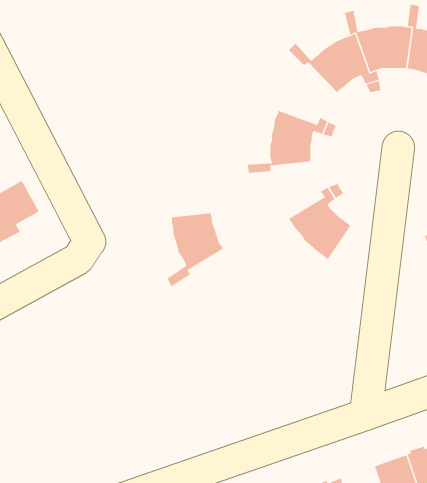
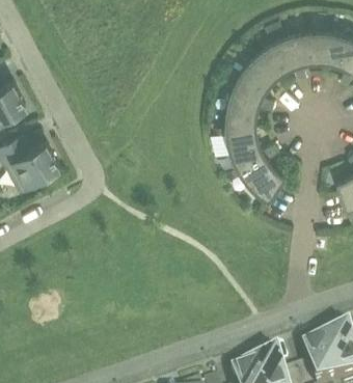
building: none -> [213,52,273,97]
building: [167,213,224,287] -> [222,124,264,177]

